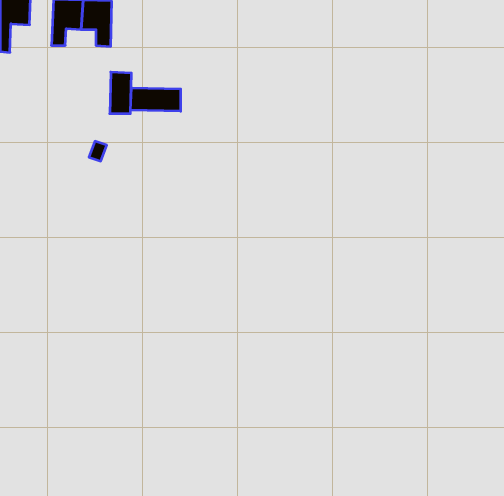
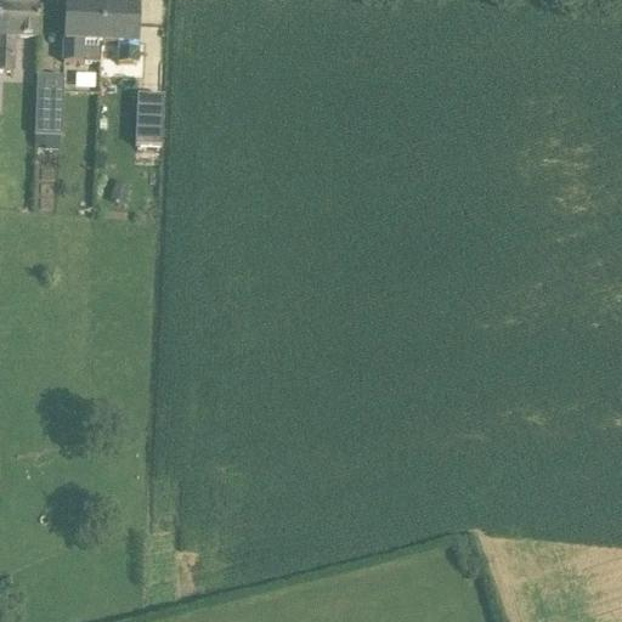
building: none -> [34,68,63,130]
building: [131,88,181,111] -> none

